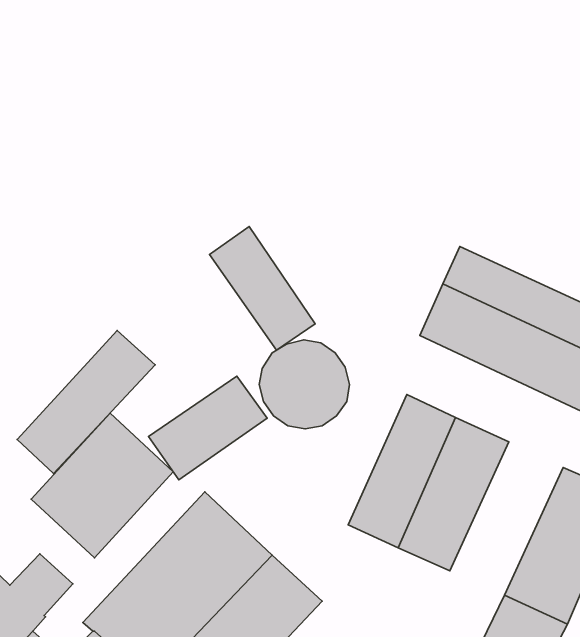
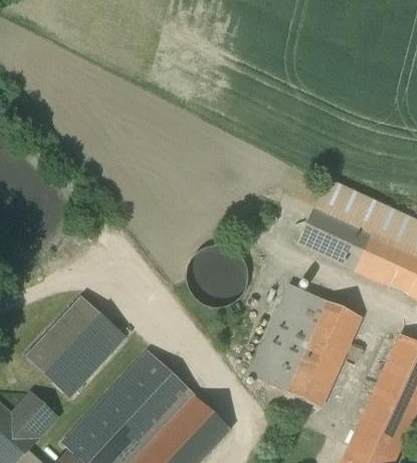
building: [210,227,315,350] -> none
building: [17,330,155,474] -> none
building: [148,376,267,480] -> none

